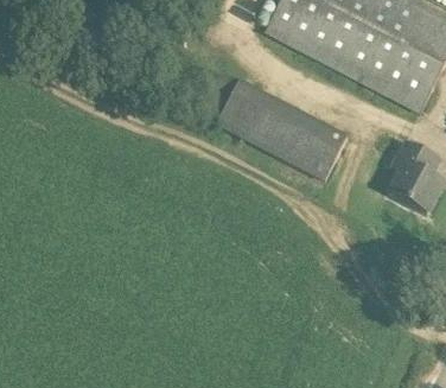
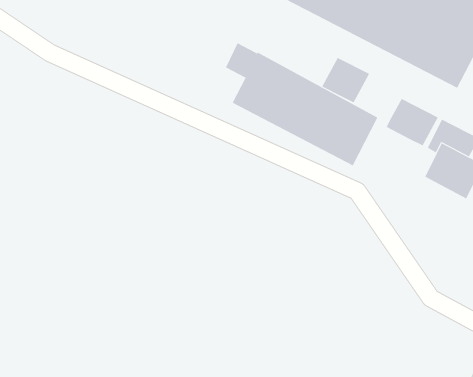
building: none -> [322,57,370,103]
building: none -> [386,98,439,146]

